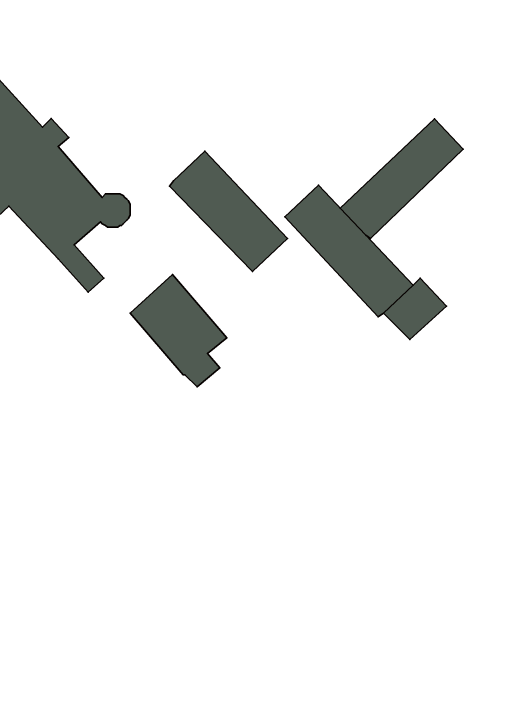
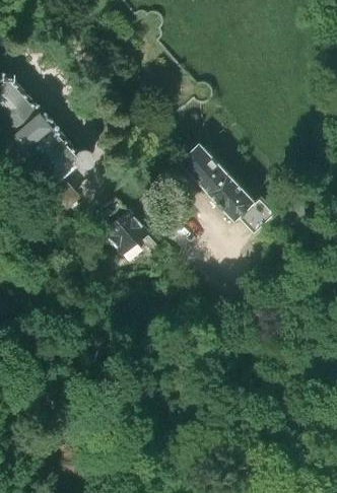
building: [340,119,463,238] -> none
building: [169,151,287,272] -> none

